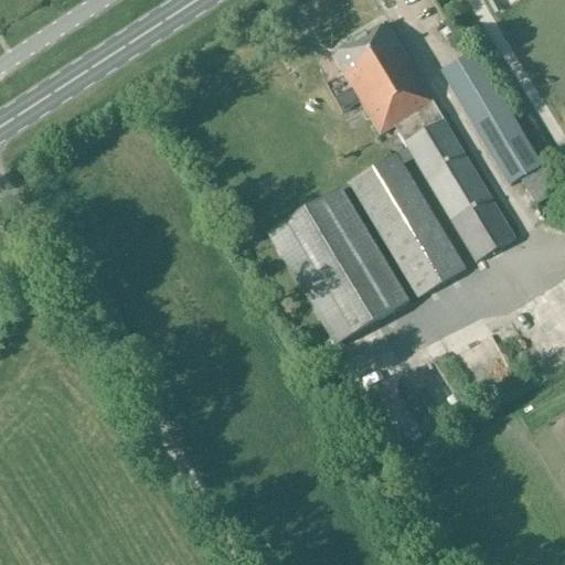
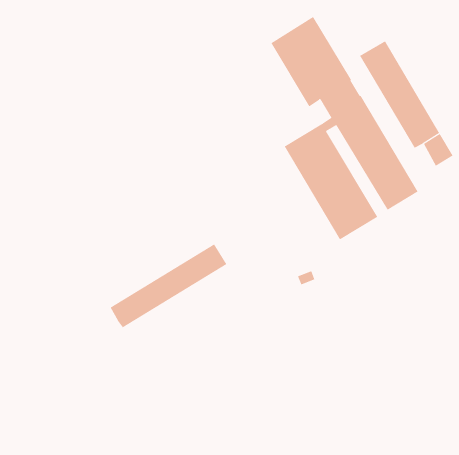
building: [267,189,409,345] -> none
building: none -> [110,244,227,328]

